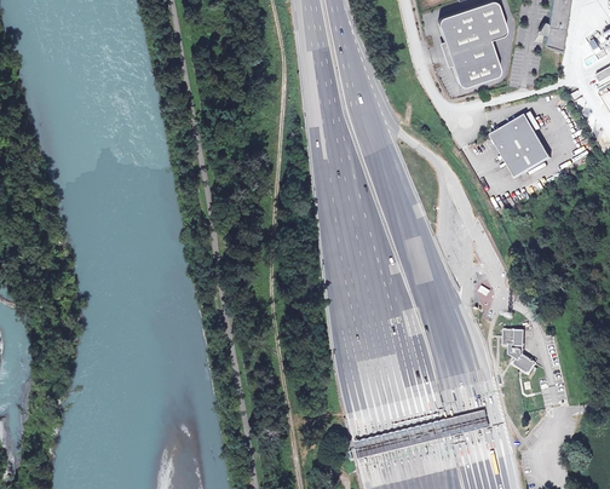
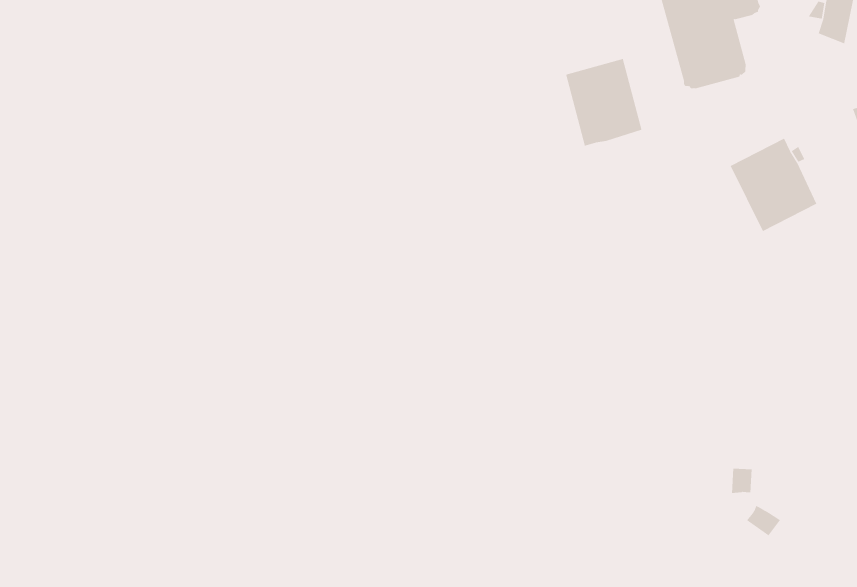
building: none -> [565,58,642,146]

